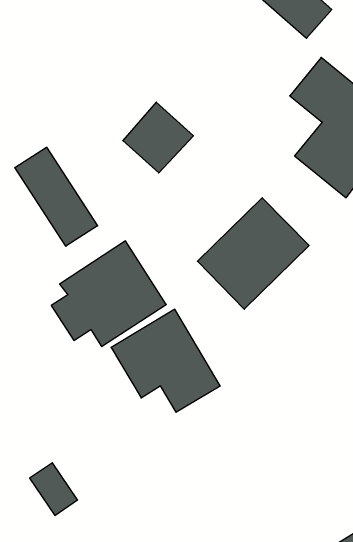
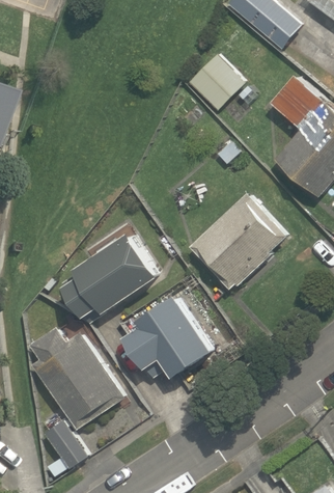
building: [123,102,193,173] -> [190,56,251,117]
building: [15,147,98,246] -> none
building: none -> [38,335,130,438]

